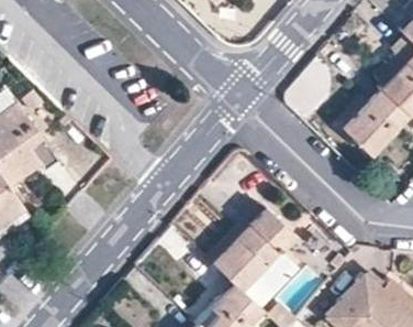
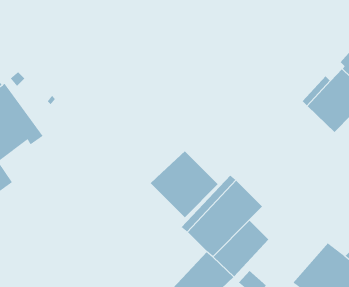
building: none -> [150,150,219,218]

